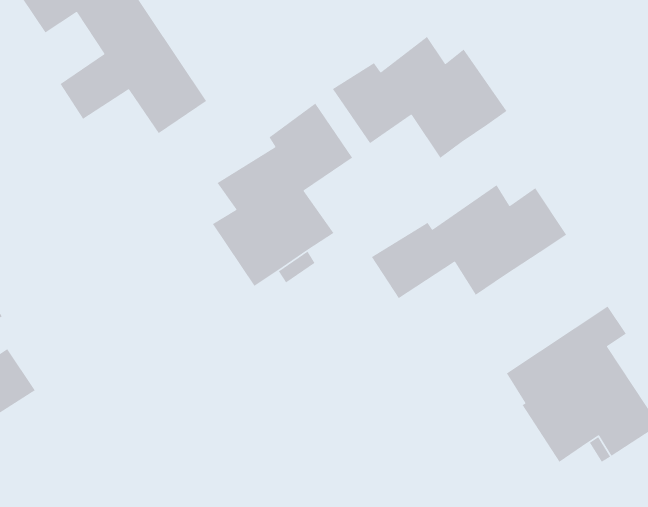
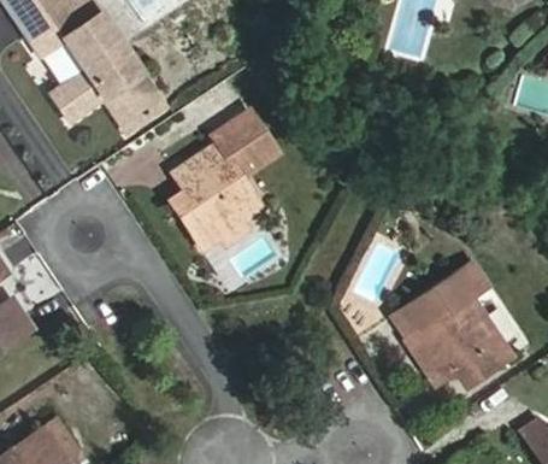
building: [332,36,507,159] -> none
building: [371,184,567,299] -> none

